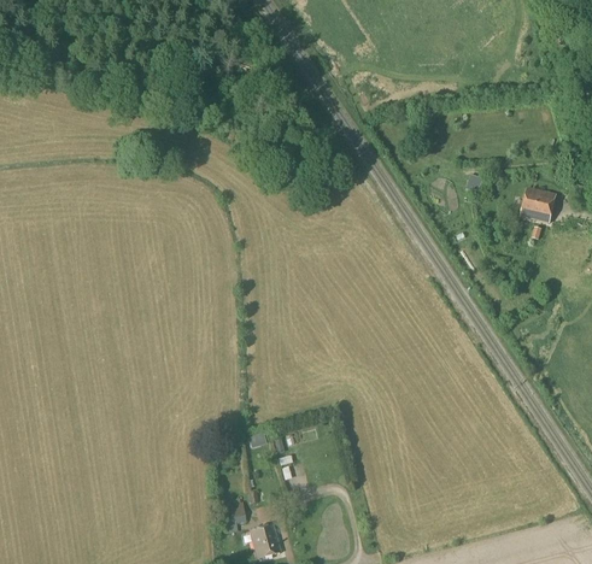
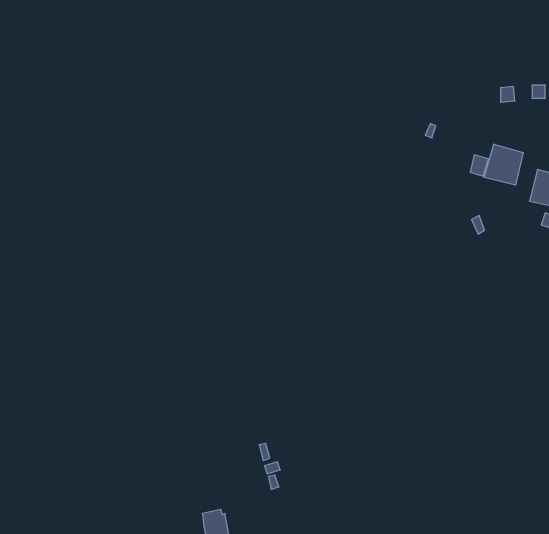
building: none -> [484,144,523,185]

